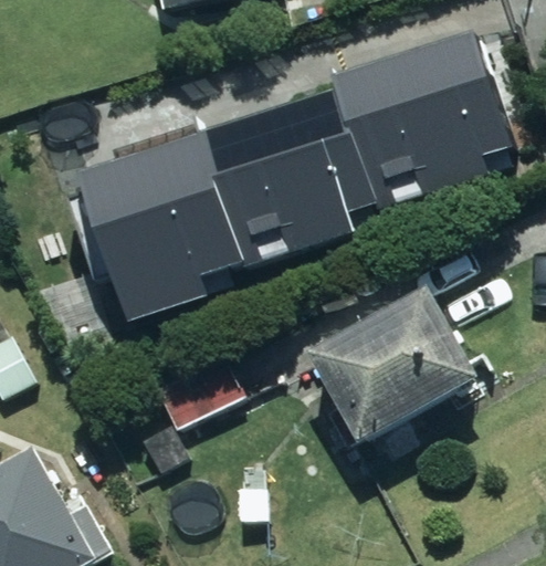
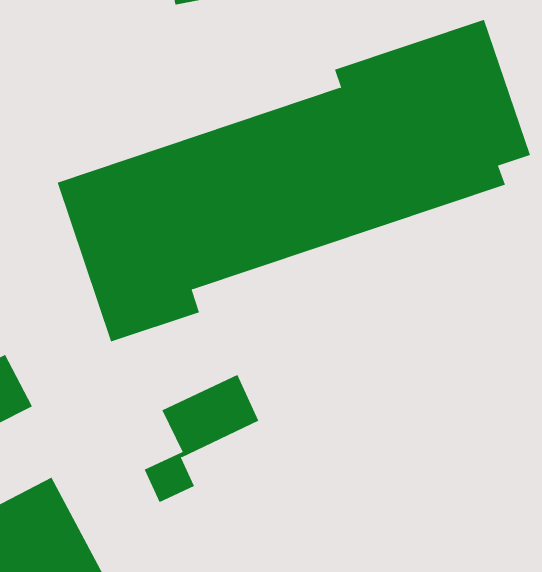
building: [329,291,498,447] -> none

